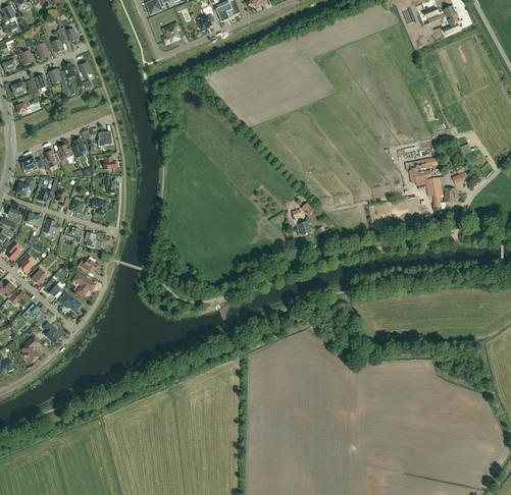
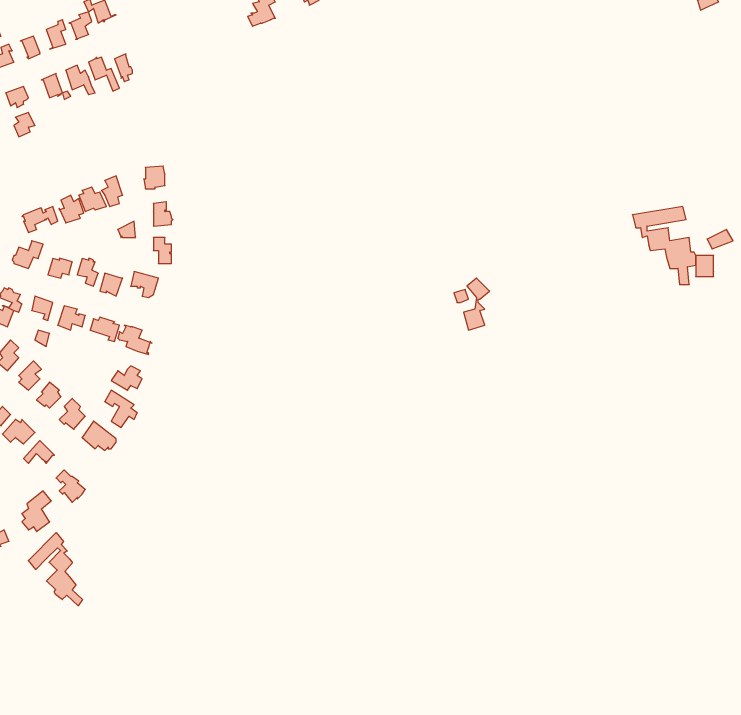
building: none -> [28,533,83,606]

